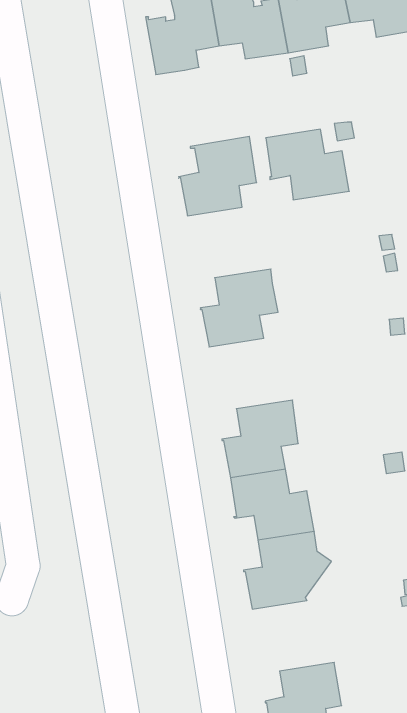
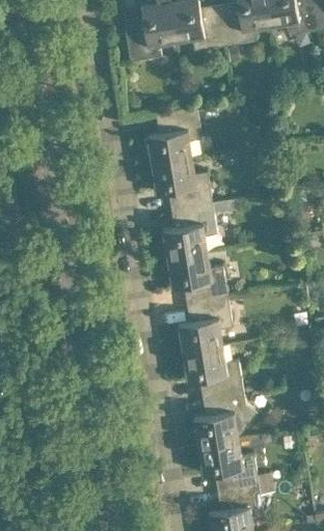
building: [266,129,349,200] -> [152,158,212,208]
building: none -> [167,252,227,303]
building: none -> [198,441,258,492]

